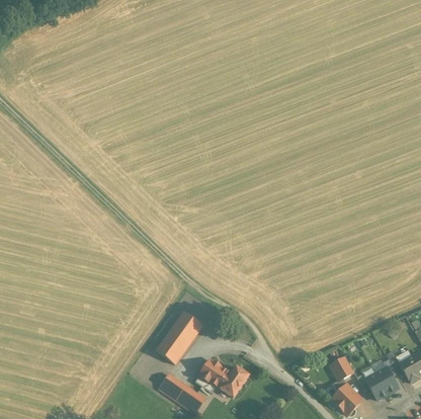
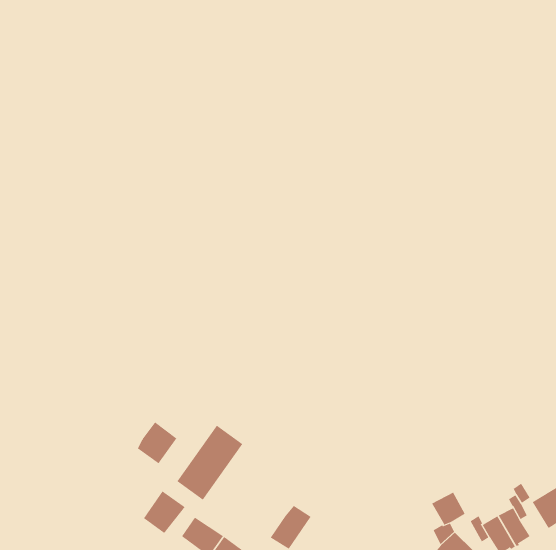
building: none -> [137,421,177,464]
building: none -> [143,491,185,534]
building: [195,358,231,392] -> none

